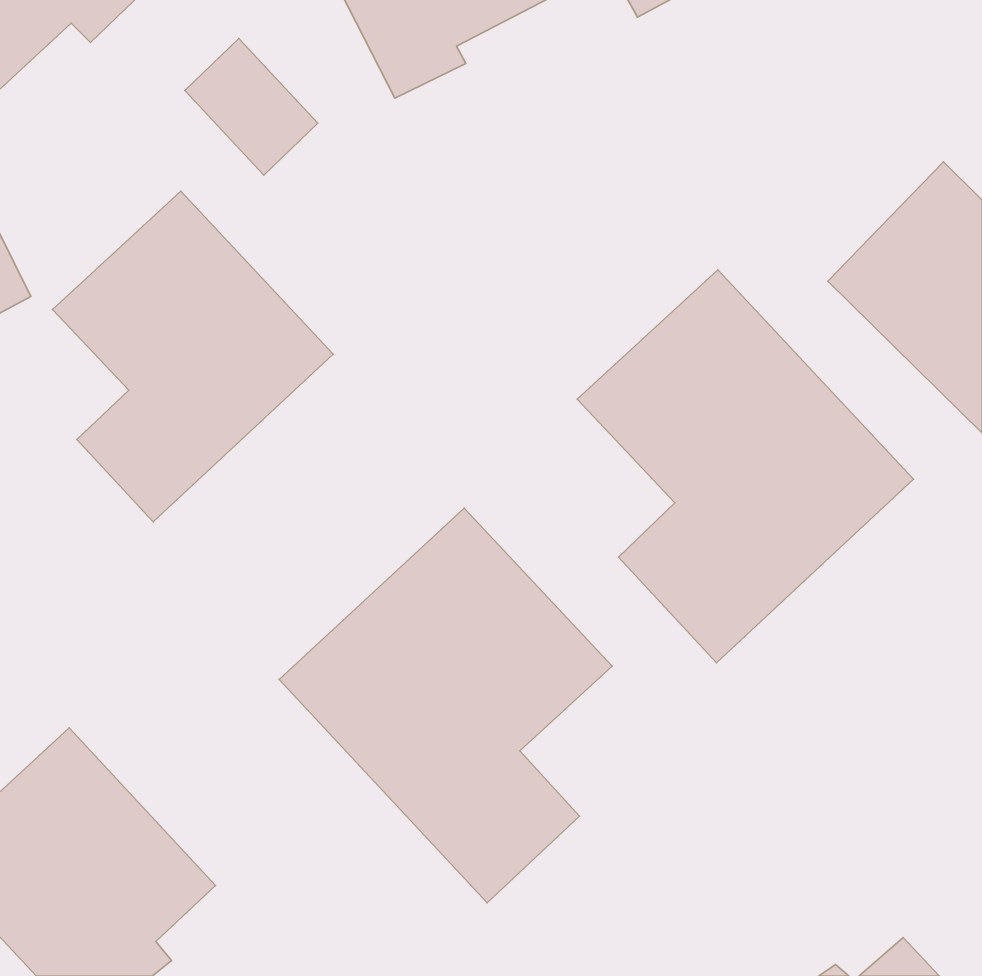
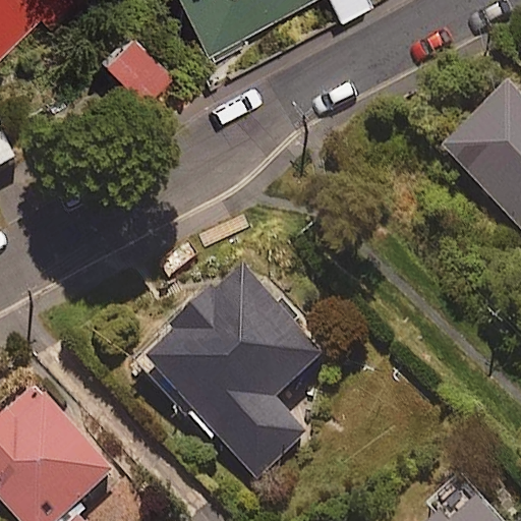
building: [52,191,333,522] -> none
building: [577,270,914,663] -> none

